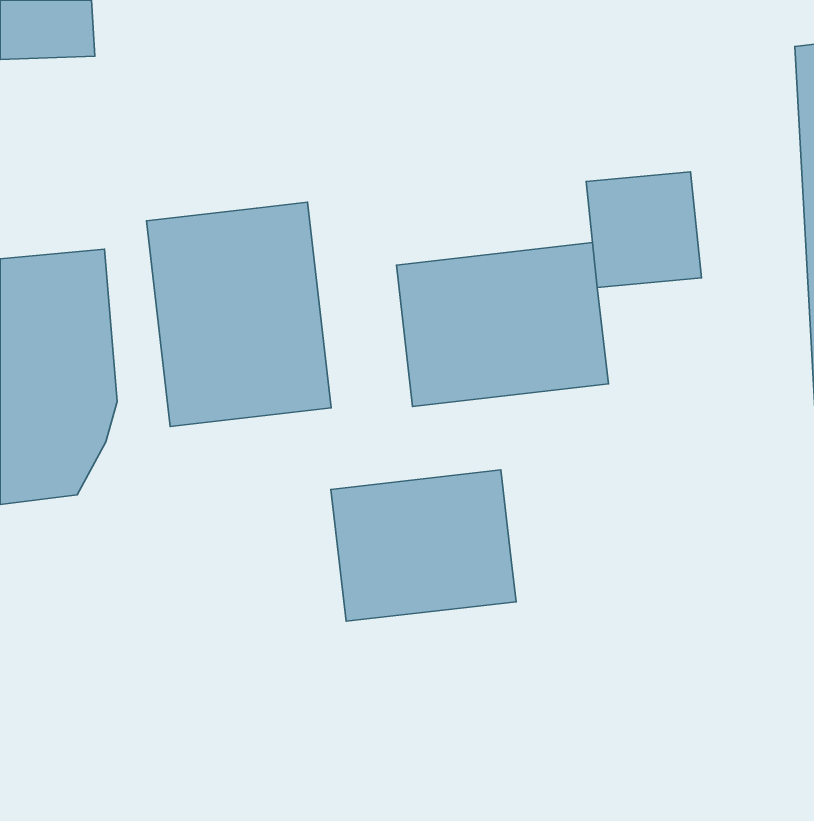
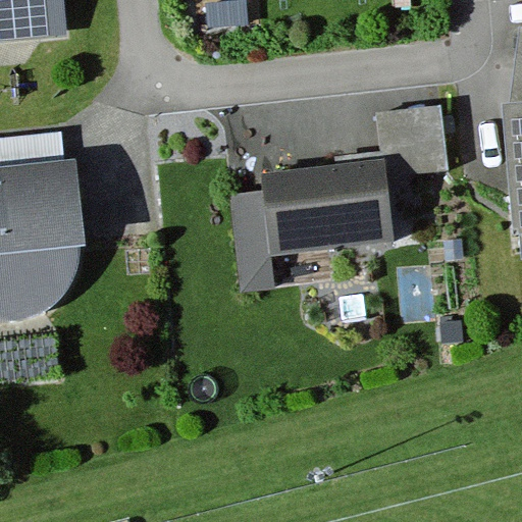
building: [147,202,331,426] -> none
building: [331,470,516,621] -> none

